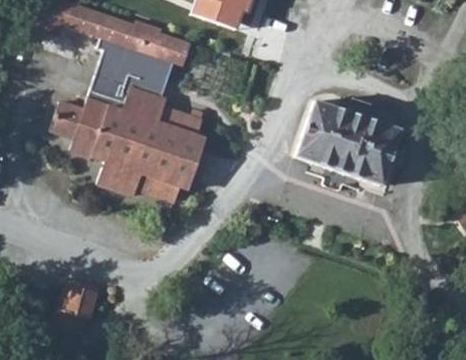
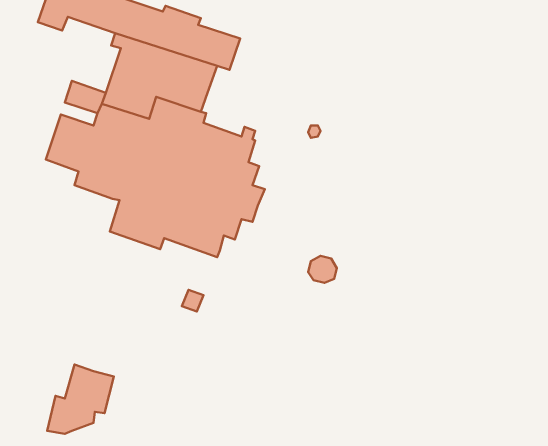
building: [295,98,402,188] -> none

